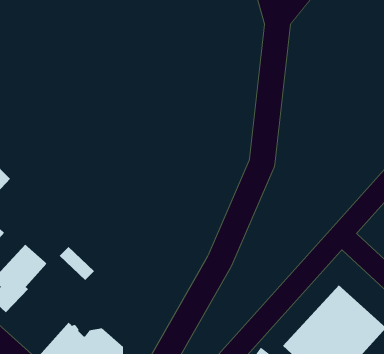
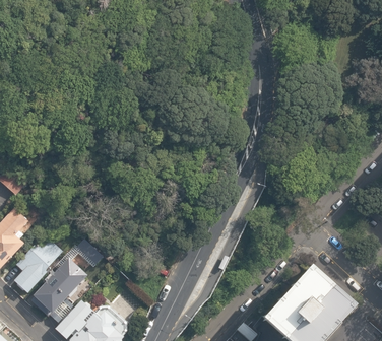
building: none -> [29,259,90,322]

